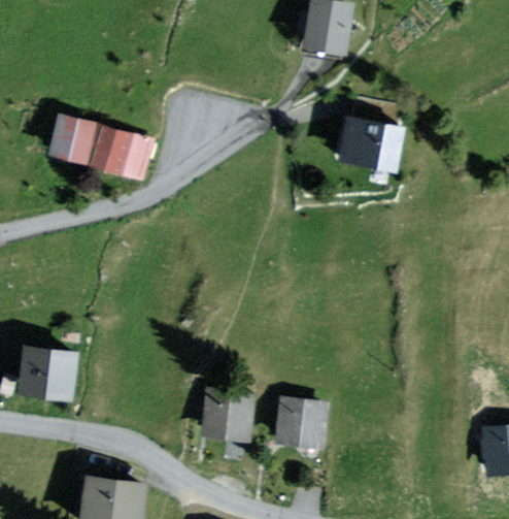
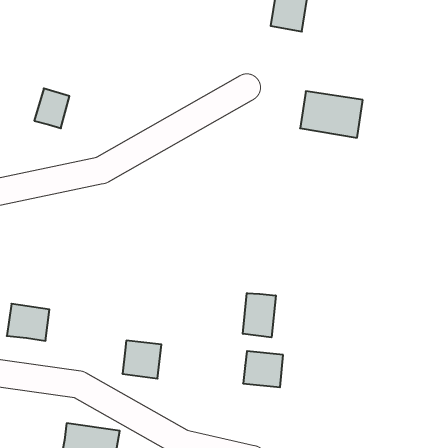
building: [90,130,144,174] -> none
building: none -> [243,293,276,337]
building: [204,394,246,435] -> [122,341,161,379]

